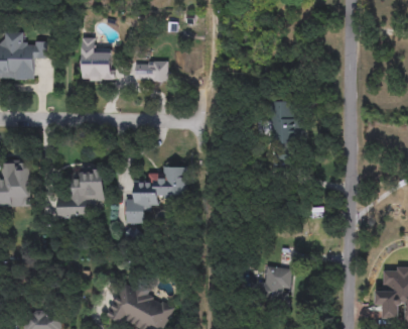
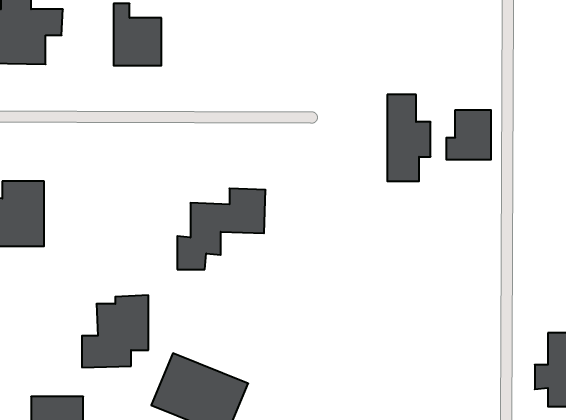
building: [135,62,166,81] -> none
building: none -> [446,110,491,160]
building: [56,167,103,217] -> [82,295,148,367]
building: [261,266,290,303] -> none

